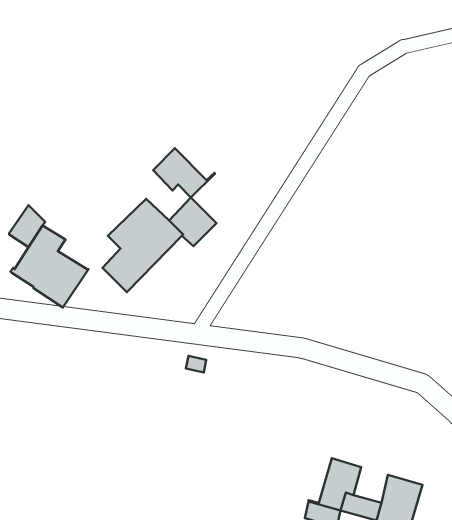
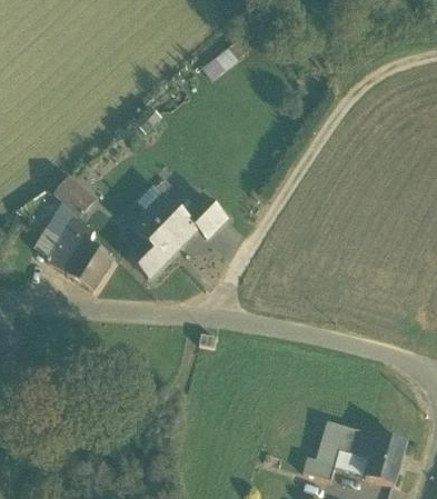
building: [153,148,215,198] -> none
building: none -> [54,177,91,212]
building: none -> [344,429,374,460]

